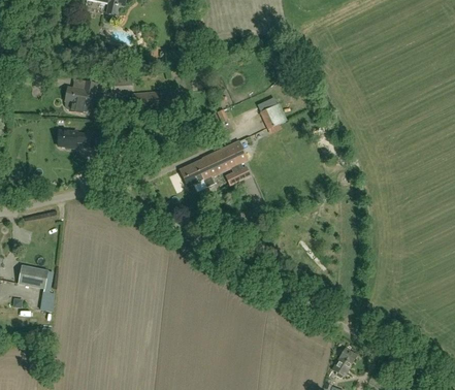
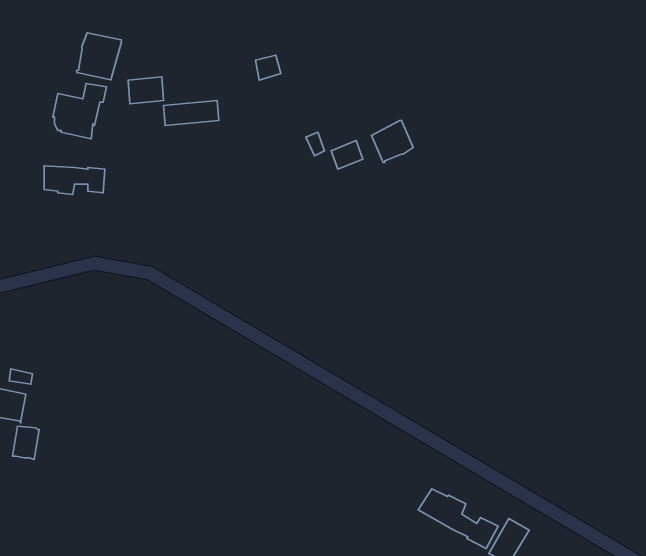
building: none -> [76,33,122,80]
building: [178,139,250,187] -> none
building: none -> [418,489,498,548]

